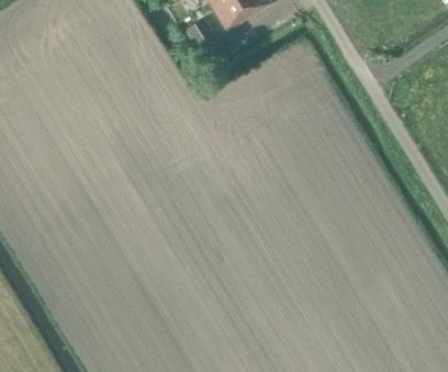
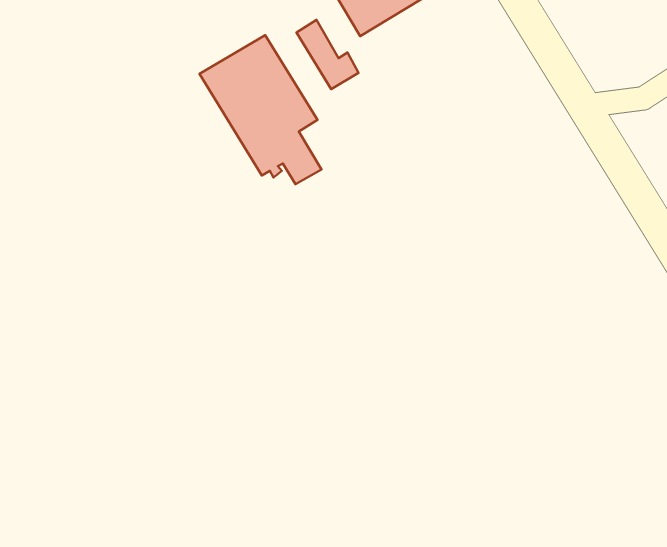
building: none -> [200,35,321,184]

